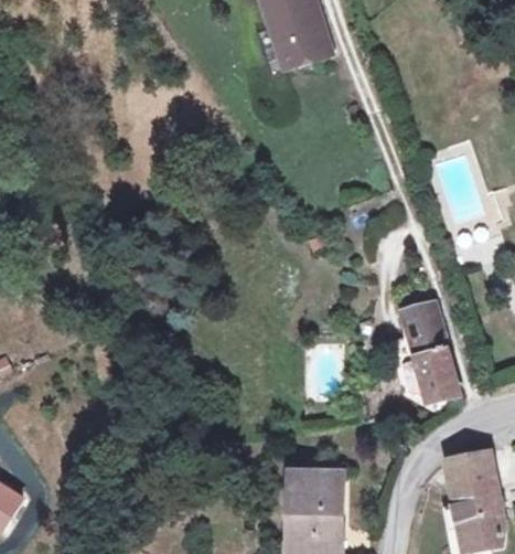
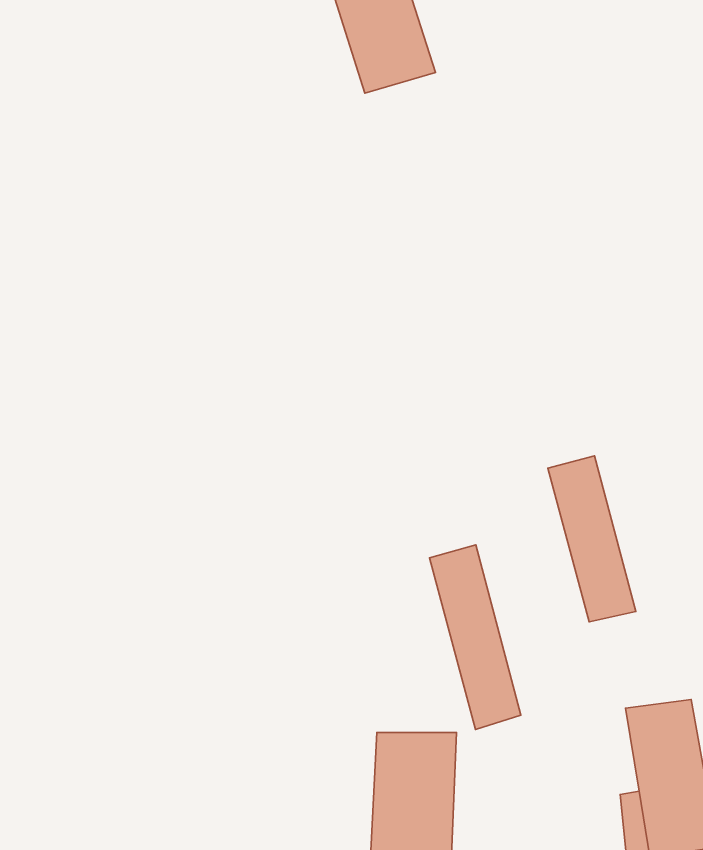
building: none -> [430,545,521,730]

